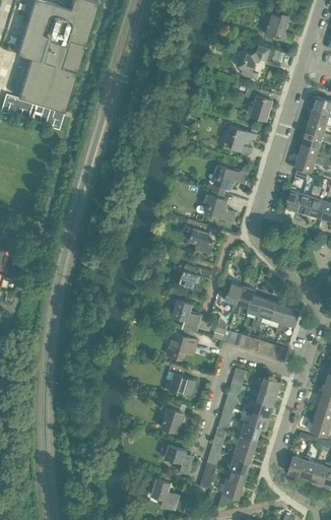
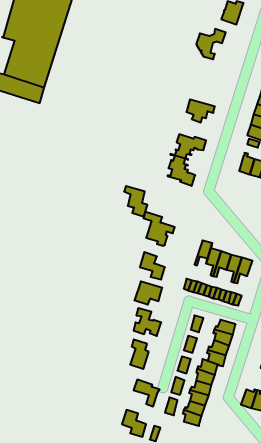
building: [245,86,272,121] -> none
building: [186,219,212,254] -> [124,186,147,216]
building: [220,282,244,314] -> none

